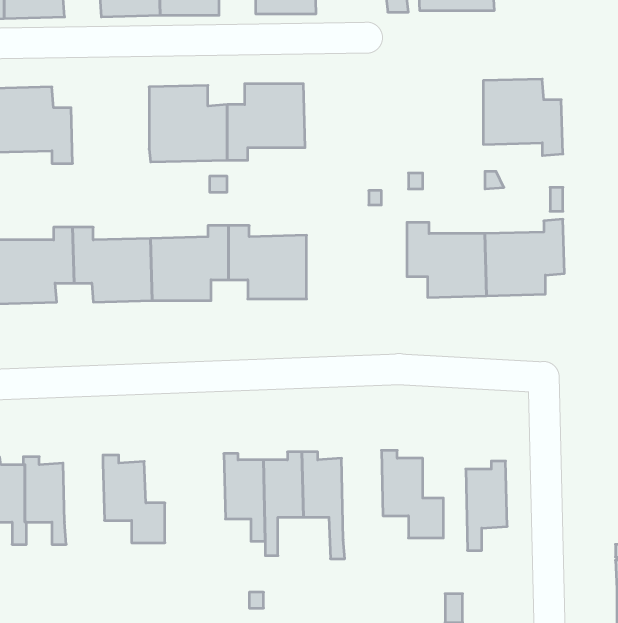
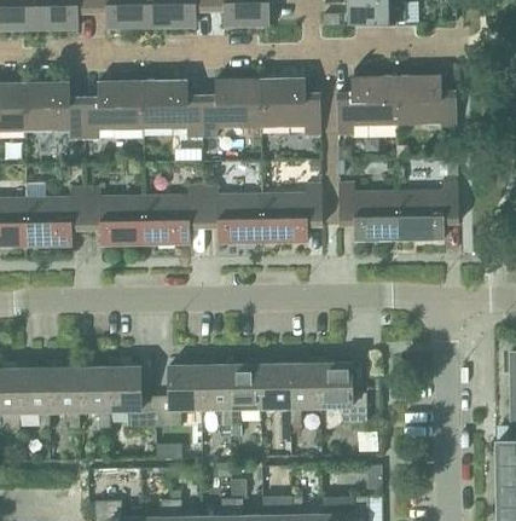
building: none -> [336,76,396,134]
building: none -> [260,77,320,134]
building: none -> [83,81,143,139]
building: none -> [262,184,321,242]
building: none -> [155,359,201,427]
building: none -> [77,360,110,427]
building: [466,461,507,550] -> [289,357,320,424]

